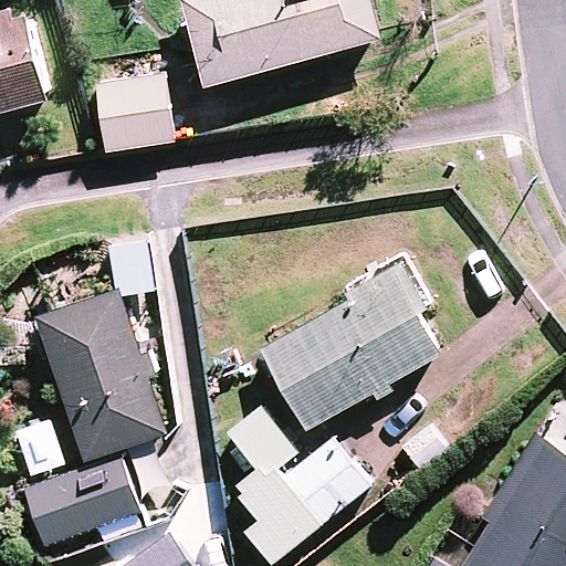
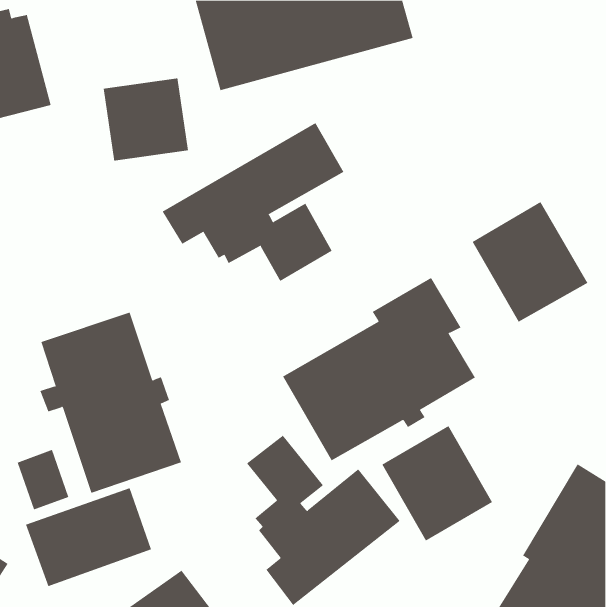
building: none -> [162,122,344,282]
building: none -> [472,201,588,323]
building: none -> [382,425,493,541]

